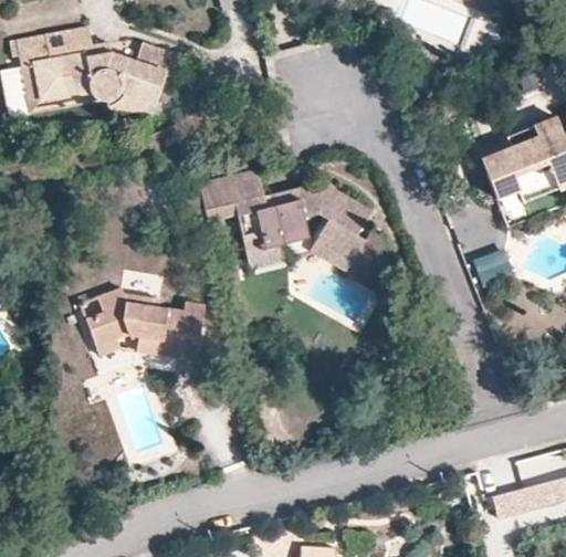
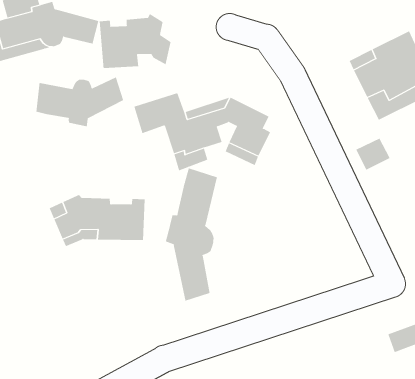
building: none -> [99,13,171,69]
building: none -> [36,77,124,127]
building: none -> [165,167,217,301]

